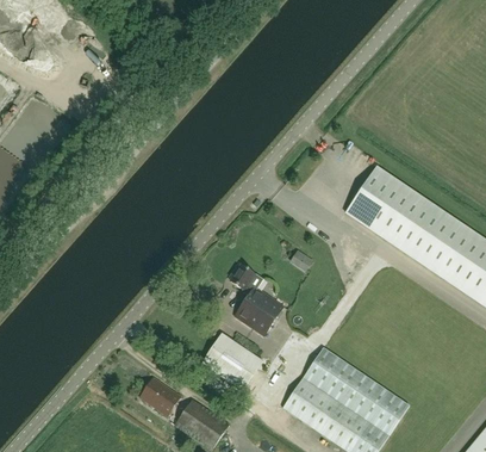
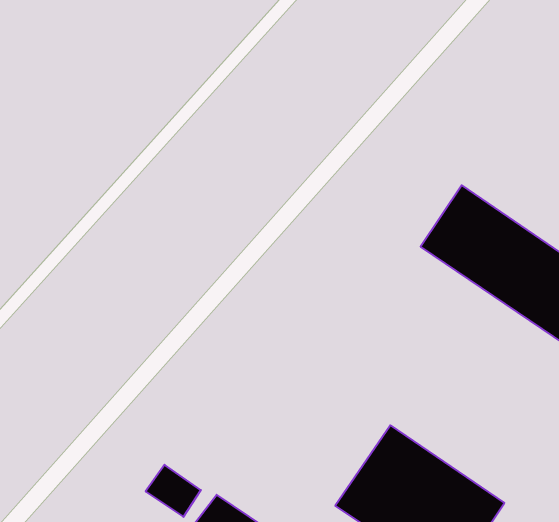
building: [230,262,285,335] -> none
building: [202,333,263,390] -> none

